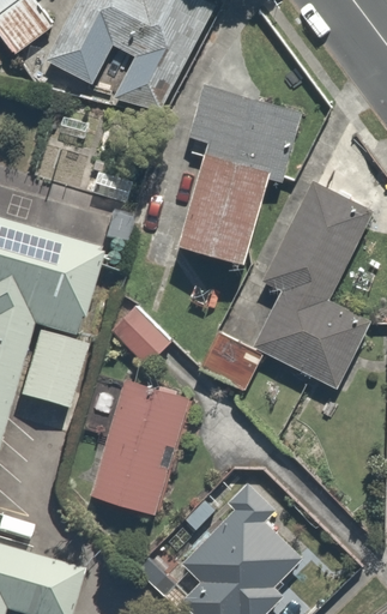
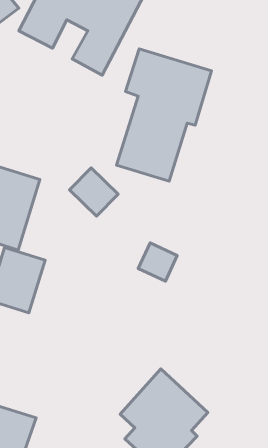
building: [258,180,371,384] -> none
building: [111,302,176,366] -> [69,168,118,216]
building: [87,374,194,512] -> none

